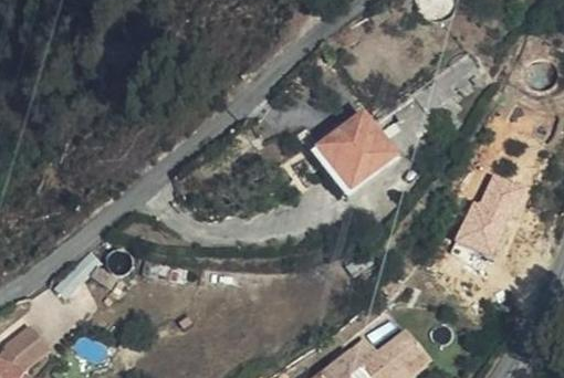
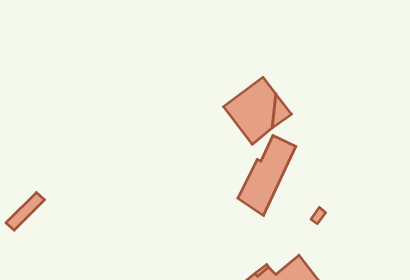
building: [452,172,522,269] -> [238,135,296,216]

